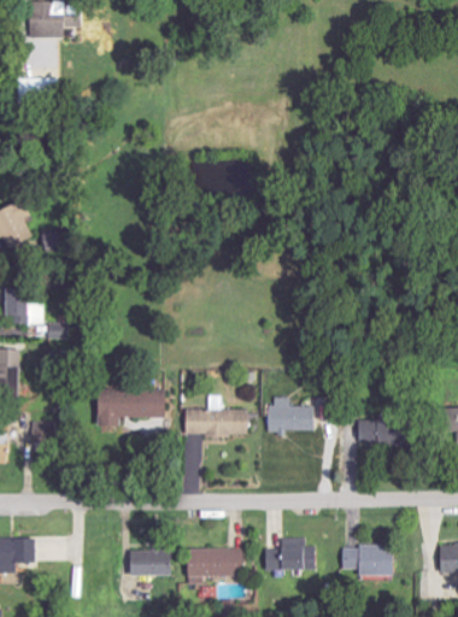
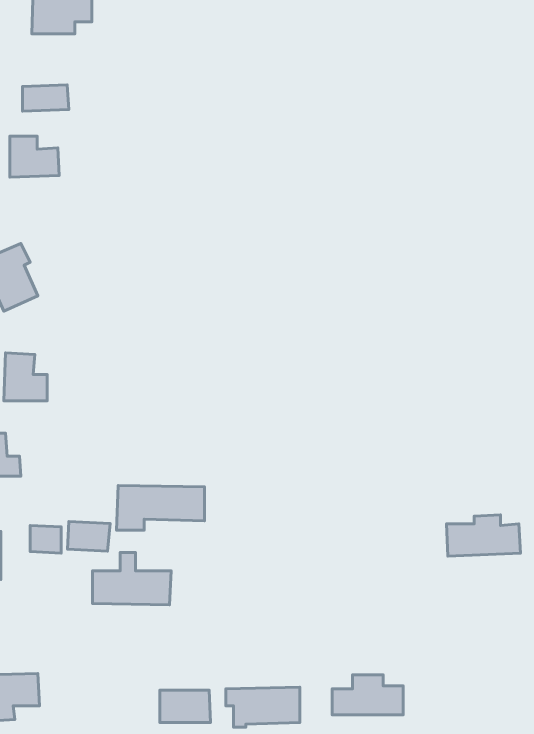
building: none -> [10,136,59,177]
building: [186,395,247,436] -> [92,553,171,605]
building: [265,398,315,433] -> none
building: none -> [68,521,110,551]
building: [339,546,397,577] -> none

